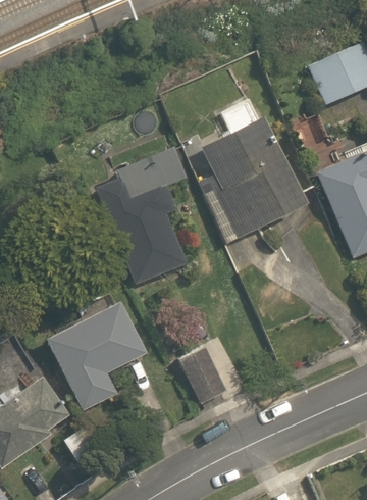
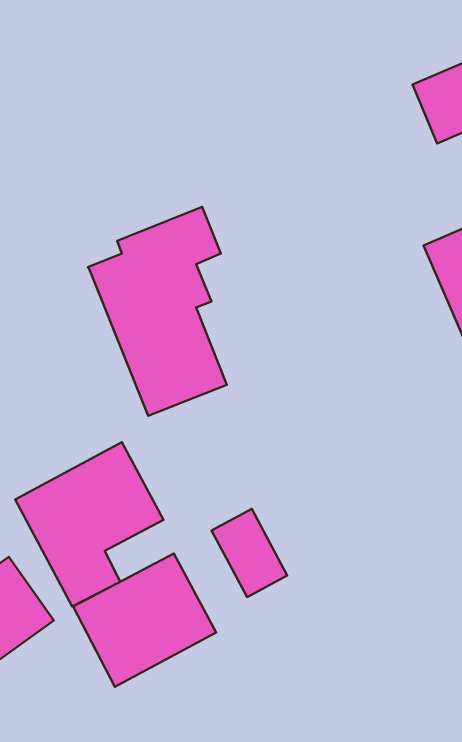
building: [200,116,306,243] -> none
building: none -> [73,553,216,687]

